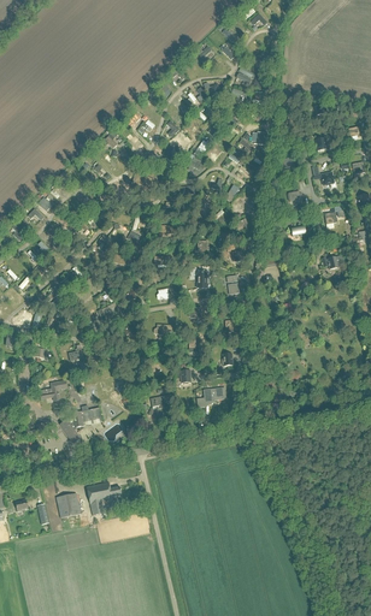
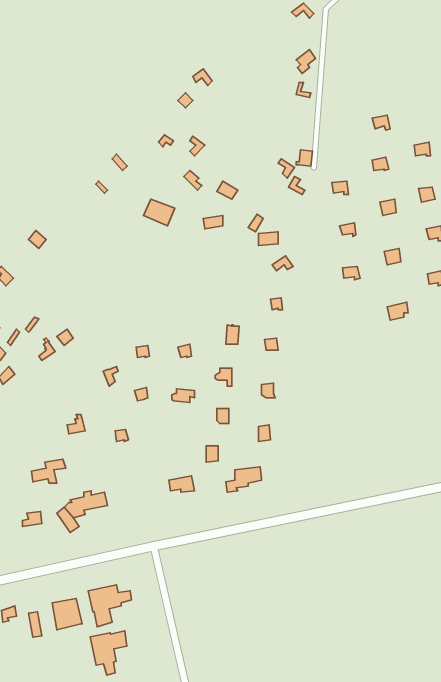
building: none -> [90,631,127,675]

